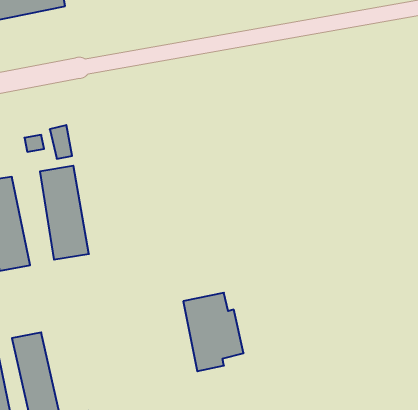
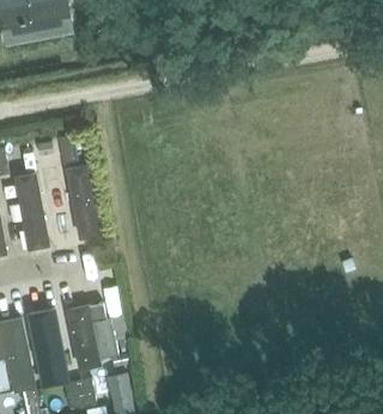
building: [183,293,244,371] -> [66,302,117,369]

